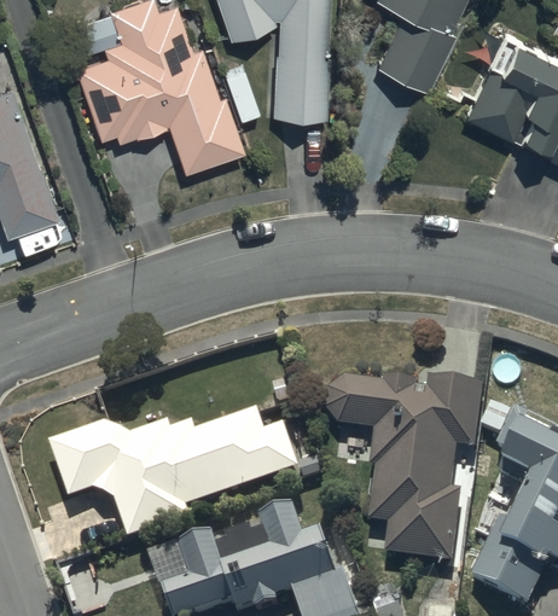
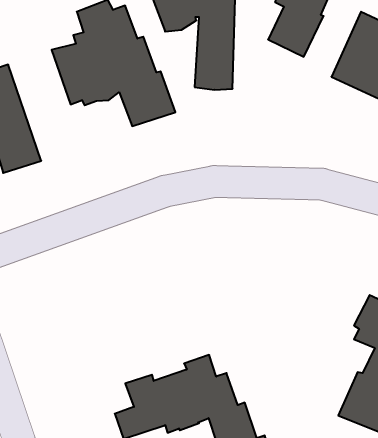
building: [327,370,484,556] -> none
building: [47,403,298,533] -> none

